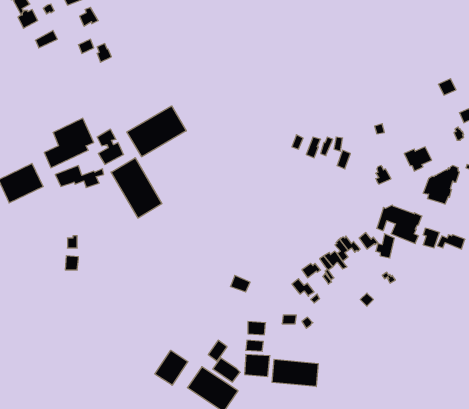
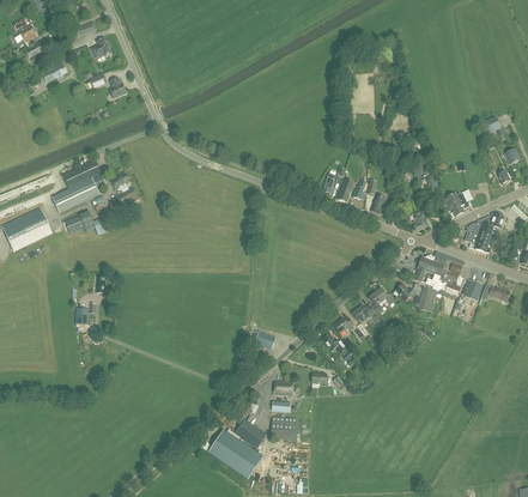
building: [127,106,186,157] -> none
building: [111,158,162,218] -> none
building: [155,350,188,385] -> none
building: [272,359,318,387] -> none

